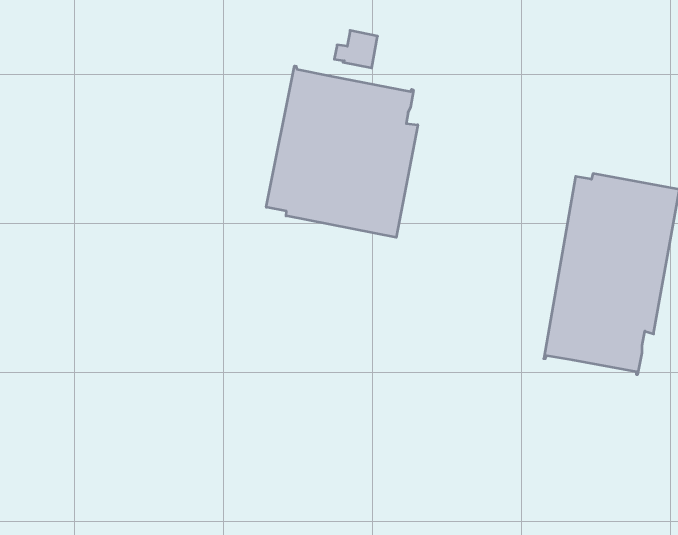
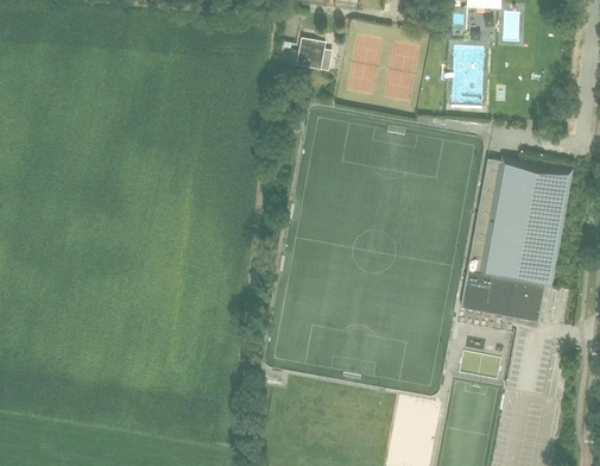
building: [266,66,418,237] -> none

